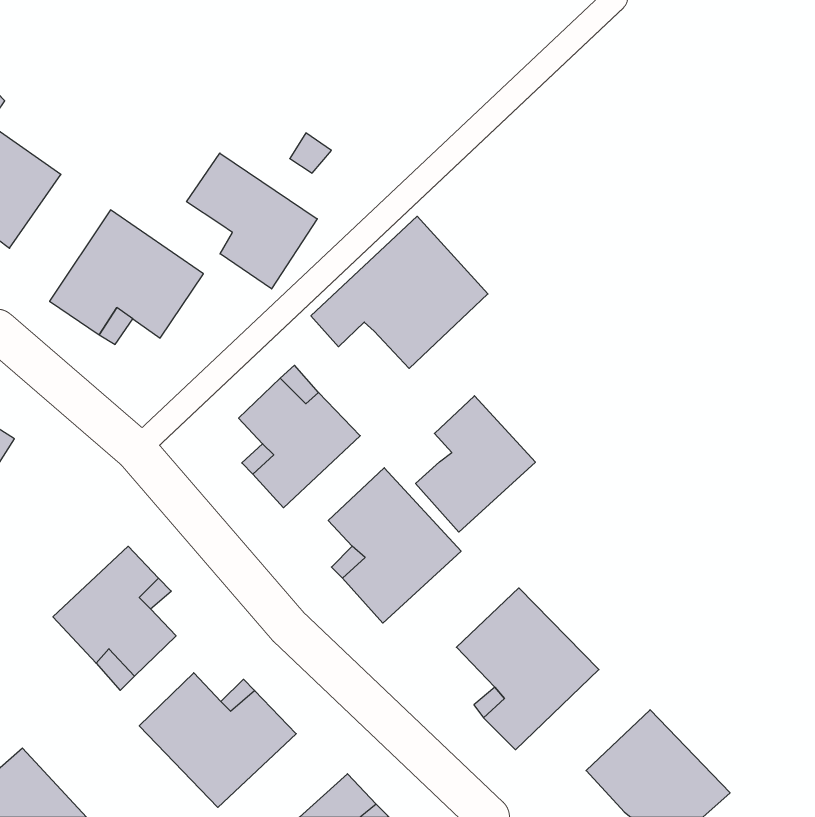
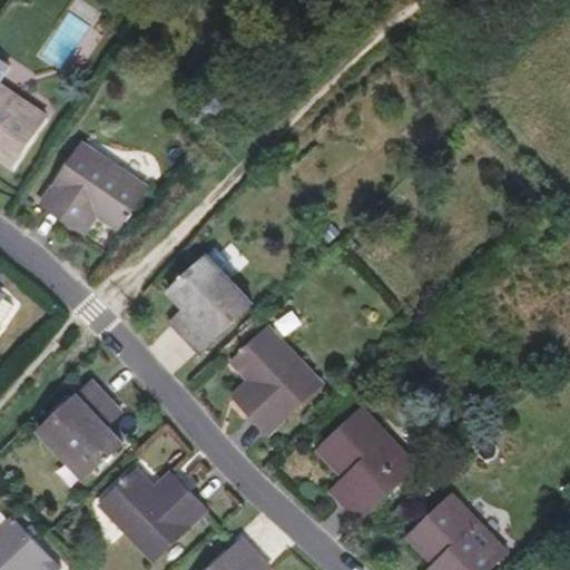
building: [187,153,317,289] -> none
building: [311,216,488,368] -> none
building: [416,396,535,532] -> none

